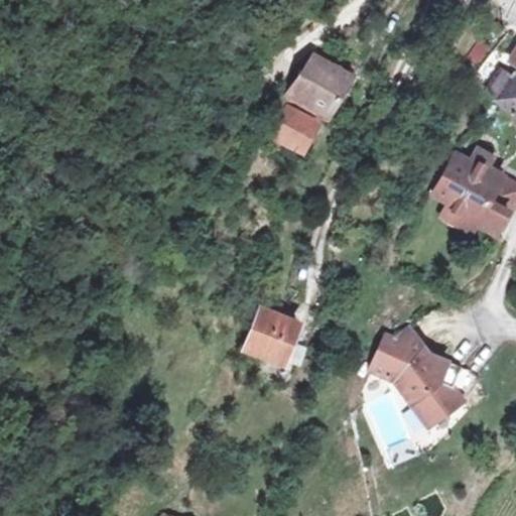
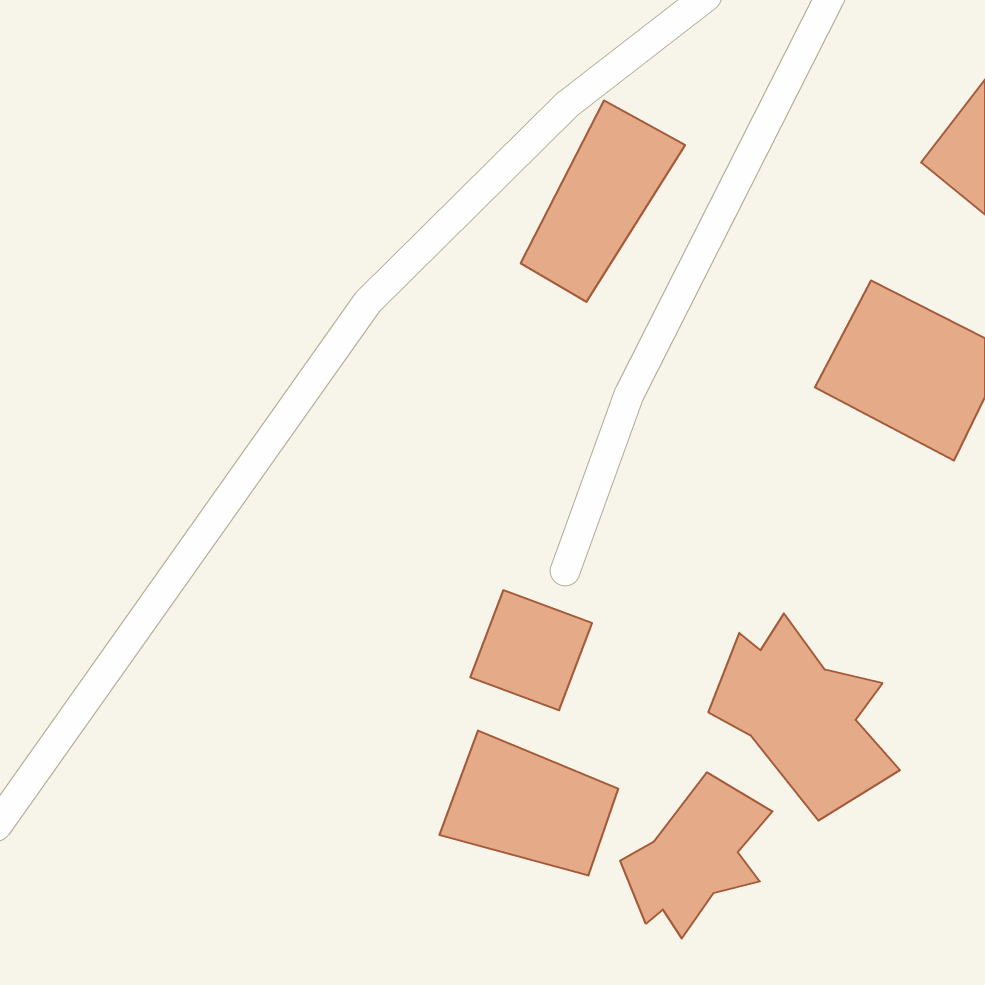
building: none -> [439,730,618,876]
building: none -> [620,772,773,939]

